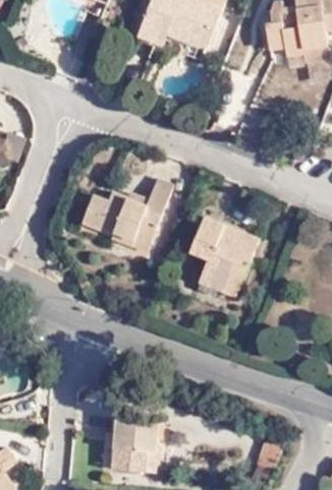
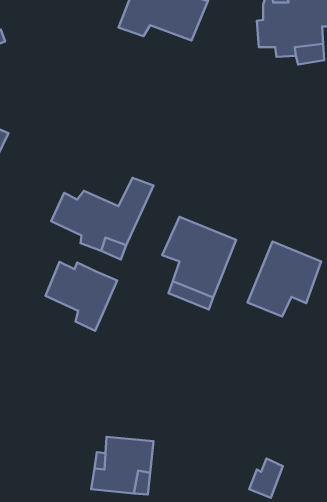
building: none -> [247,242,321,317]
building: none -> [46,262,117,331]

